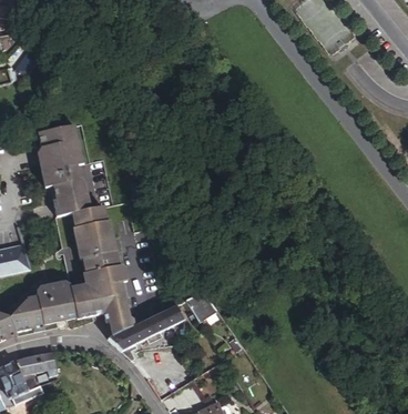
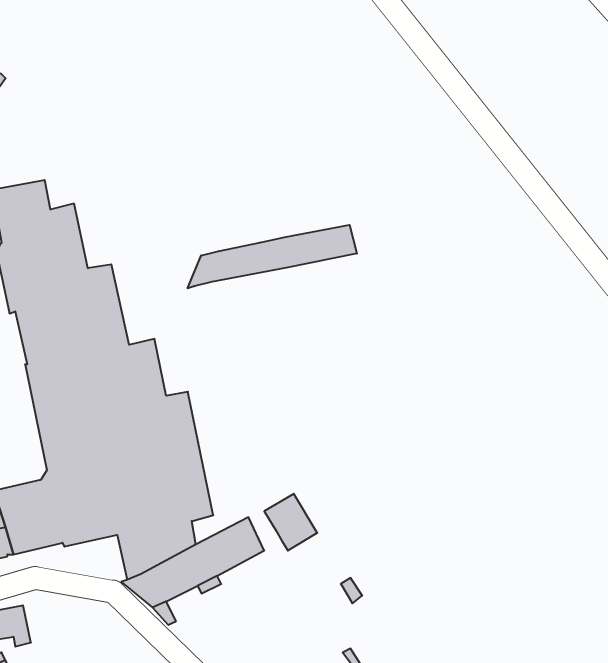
building: none -> [188,225,357,288]

